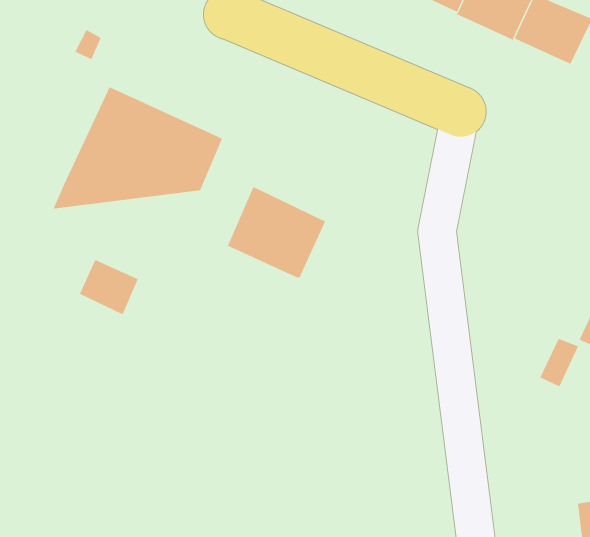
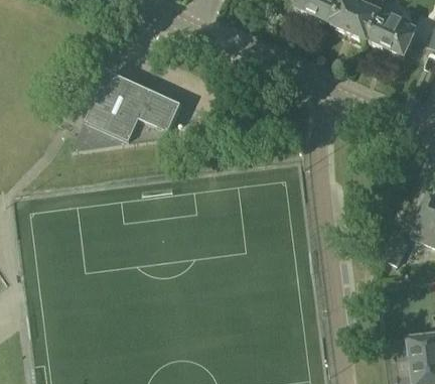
building: [227,186,326,278] -> none
building: [79,260,138,315] -> none

